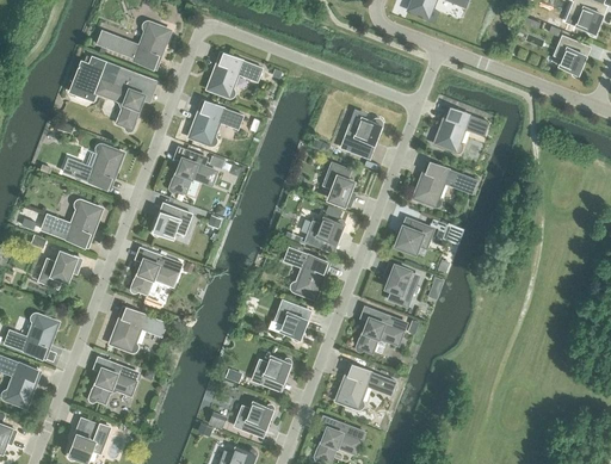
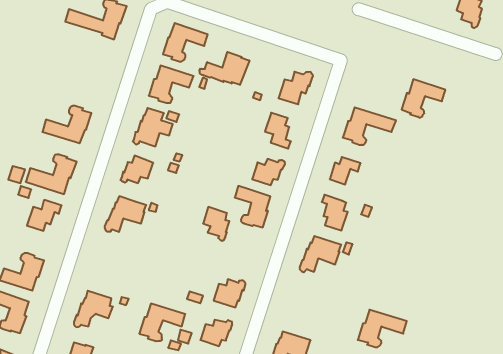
building: [70,57,148,131] -> none
building: none -> [200,52,249,85]
building: [436,107,488,153] -> [402,79,445,118]
building: [276,301,307,341] -> [203,207,229,241]
building: [111,308,166,352] -> [139,304,185,341]
building: [337,365,395,409] -> [358,310,407,347]

